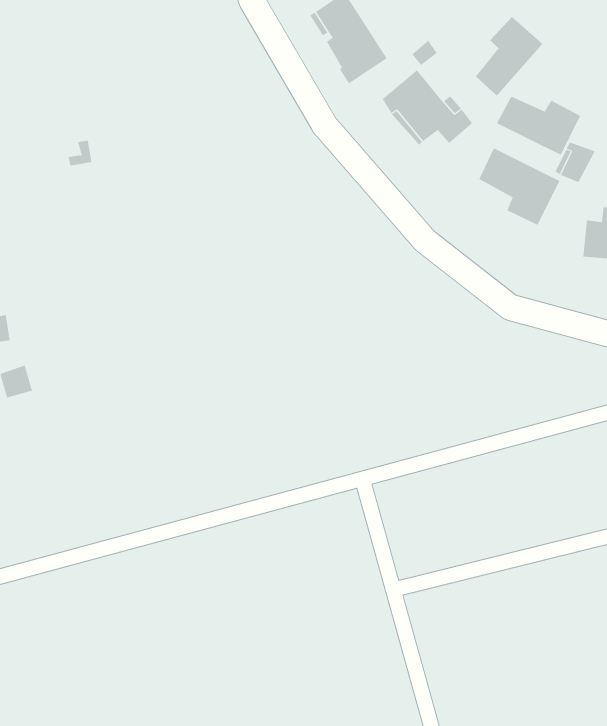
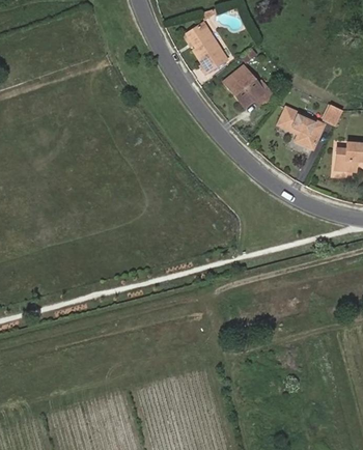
building: [475,16,543,96] -> none
building: [496,96,581,156] -> none

